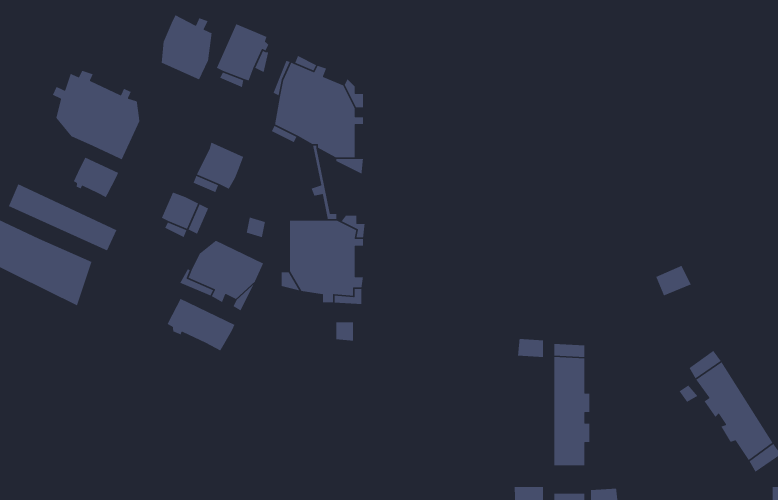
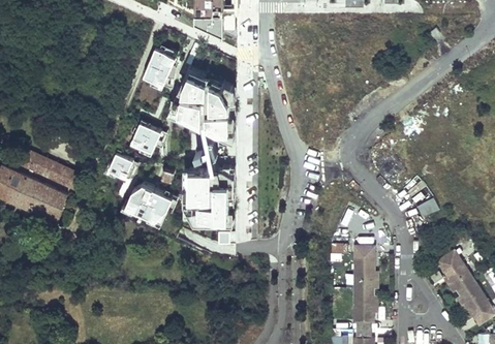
building: [161,14,212,80] -> none
building: [52,70,140,160] -> none
building: [73,157,119,198] -> none
building: [167,298,235,352] -> none

